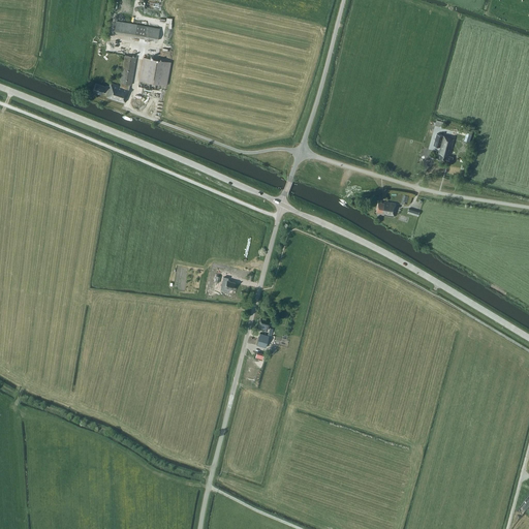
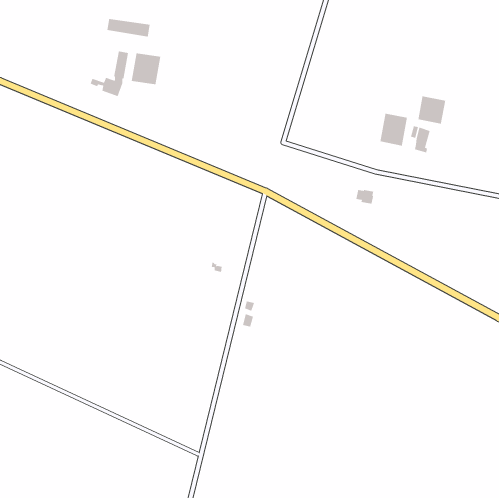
building: none -> [418,95,446,125]
building: none -> [380,113,407,146]

